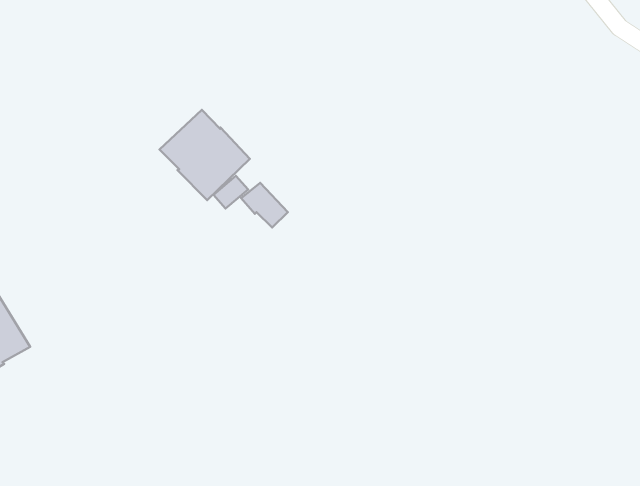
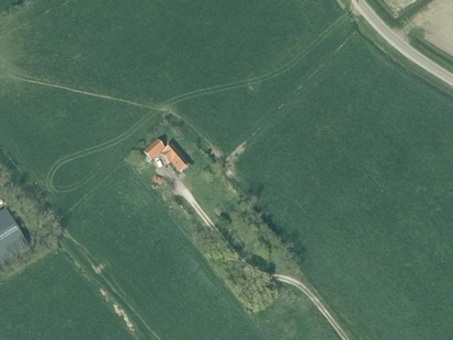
building: [159,110,250,200] -> none

